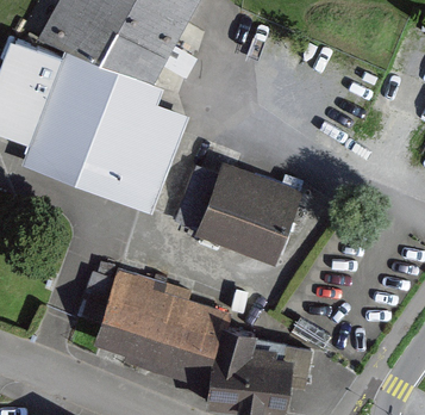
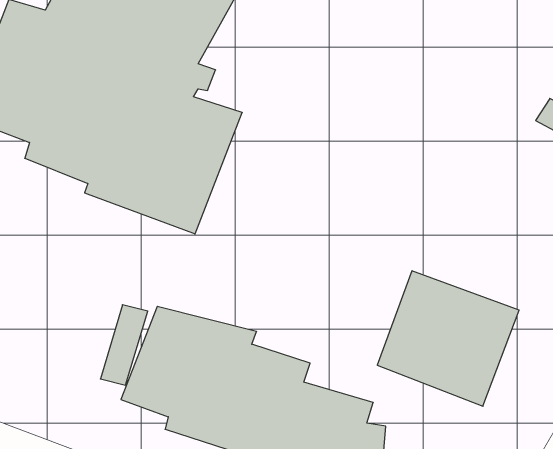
building: [199,161,306,264] -> [377,271,519,406]

